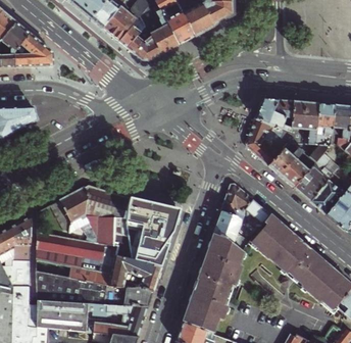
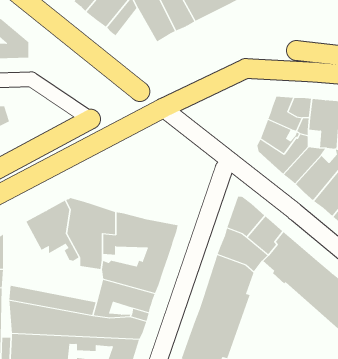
building: [128,24,162,60] -> none
building: [38,233,116,274] -> none

